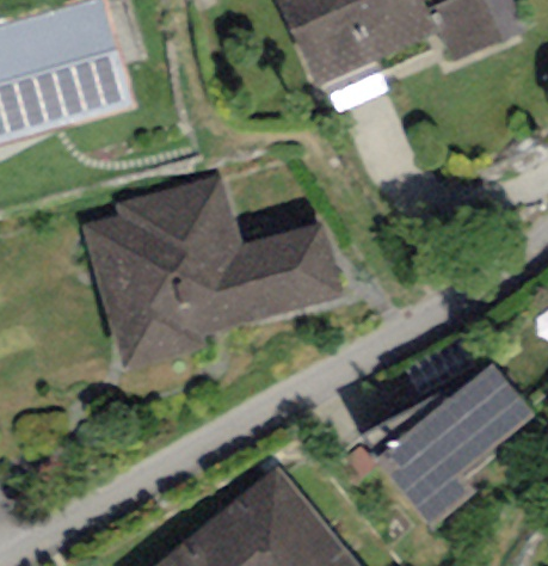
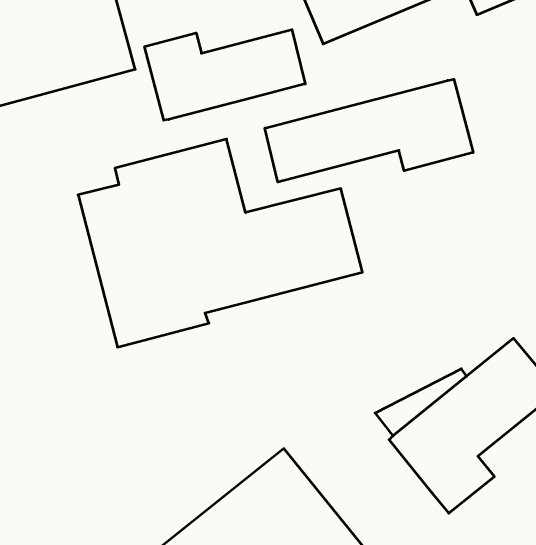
building: none -> [145,30,305,120]
building: none -> [265,79,473,182]

